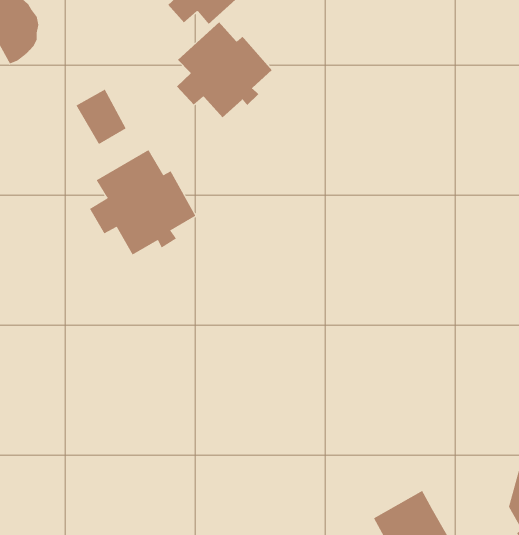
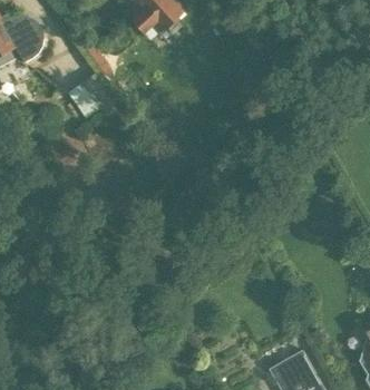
building: [176,22,273,118] -> none
building: [89,149,196,256] -> none

